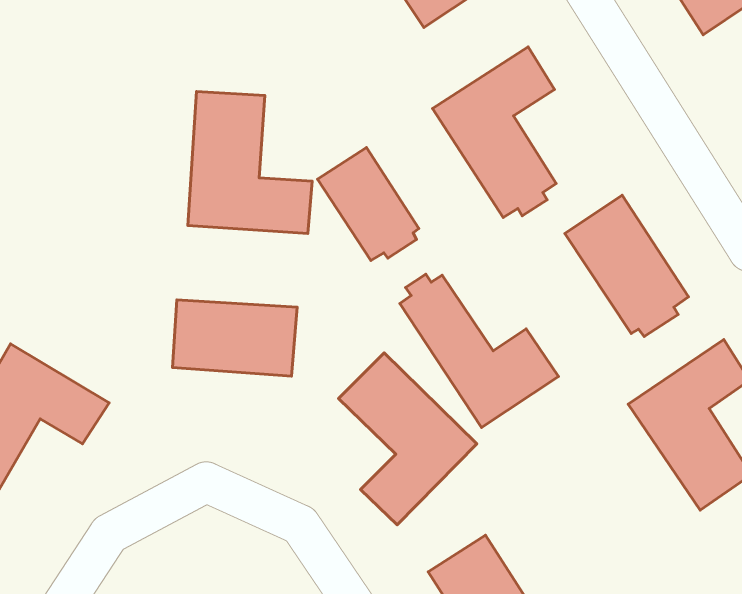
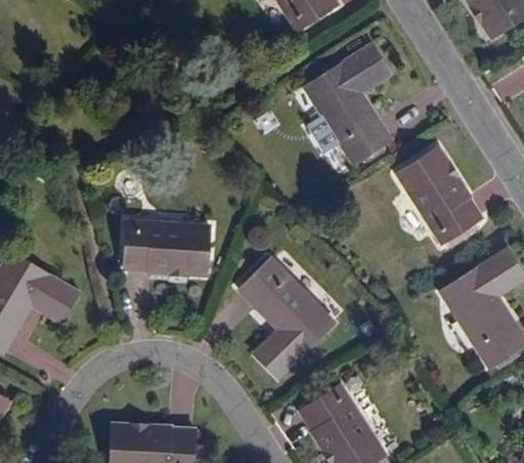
building: [188,92,312,234] -> none
building: [318,148,419,261] -> none
building: [400,274,559,427] -> none

